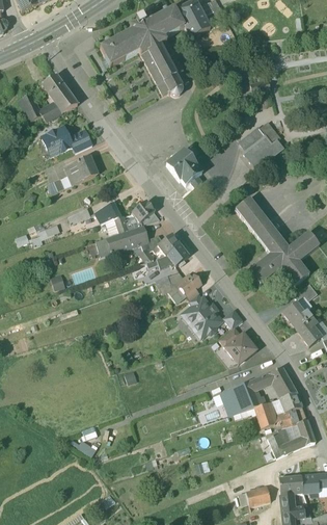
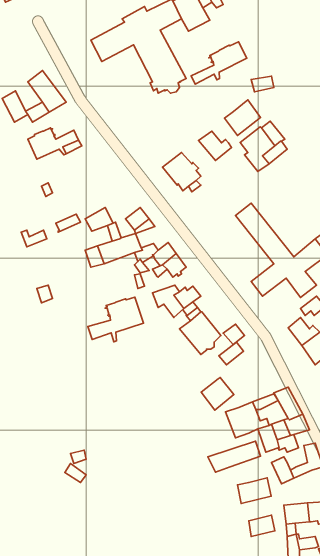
building: none -> [191,42,247,84]
building: none -> [224,100,261,136]
building: none -> [199,131,231,160]
building: [67,156,93,183] -> none
building: none -> [88,297,144,342]
building: [225,333,255,363] -> [201,378,234,410]
building: none -> [208,441,260,472]
building: none -> [237,478,271,503]

